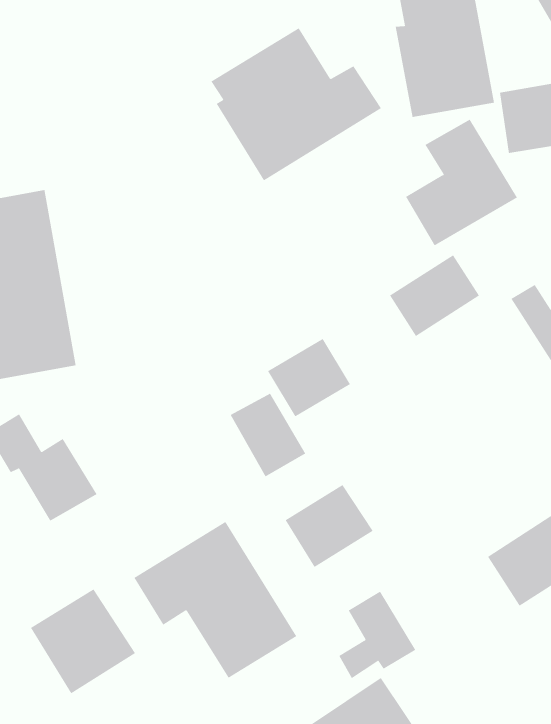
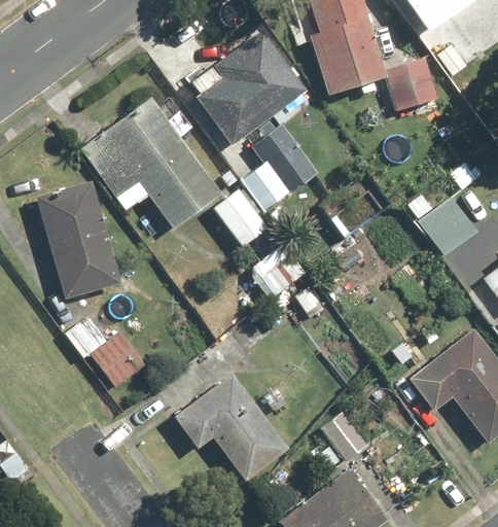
building: none -> [88,97,222,229]
building: [405,119,518,246] -> [243,125,318,212]
building: [230,393,306,477] -> [214,191,268,248]
building: [285,484,373,568] -> none
building: [30,589,136,694] -> none

